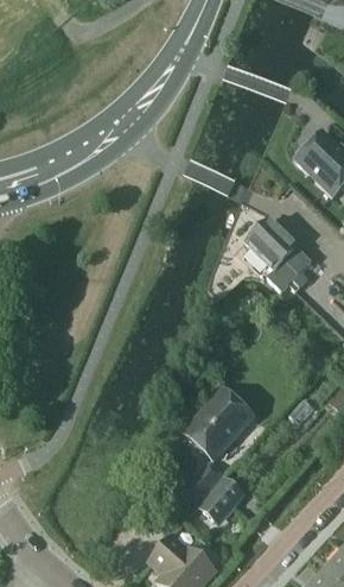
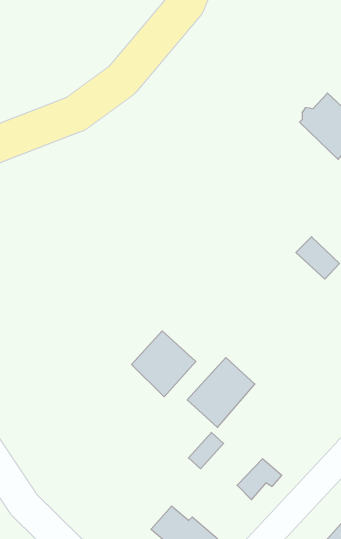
building: [247,219,300,291] -> none
building: none -> [132,331,196,397]
building: [200,479,244,519] -> [237,459,282,500]

